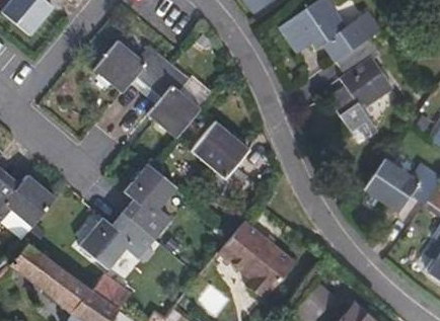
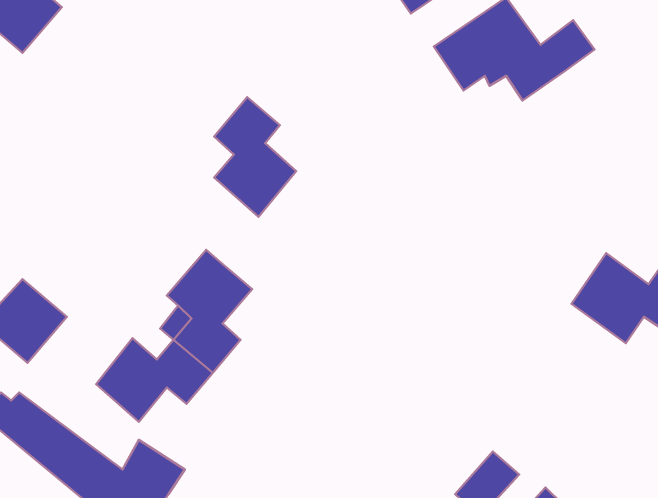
building: [94,39,167,91] -> none
building: [332,46,394,146] -> none
building: [191,121,246,197] -> none
building: [217,218,291,294] -> none

